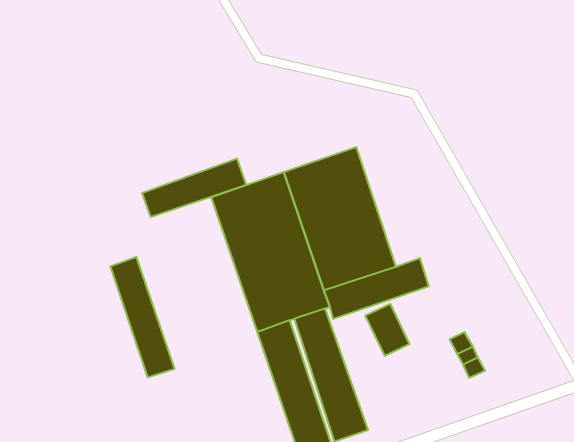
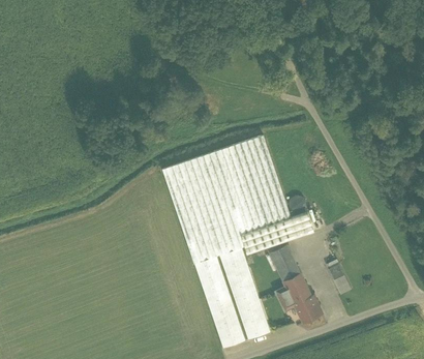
building: [142,158,246,217] -> none
building: [110,257,174,377] -> none
building: none -> [276,271,323,322]

